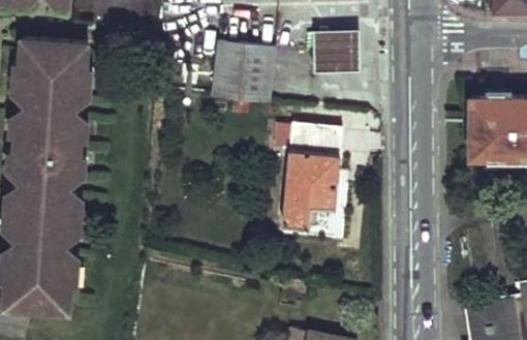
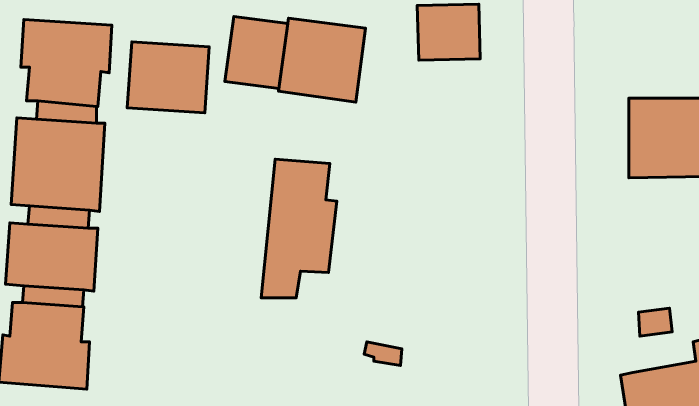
building: none -> [225,16,288,89]
building: none -> [127,42,209,113]
building: [283,126,339,228] -> [261,159,337,298]

